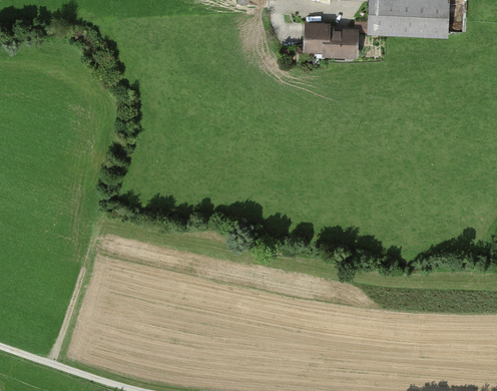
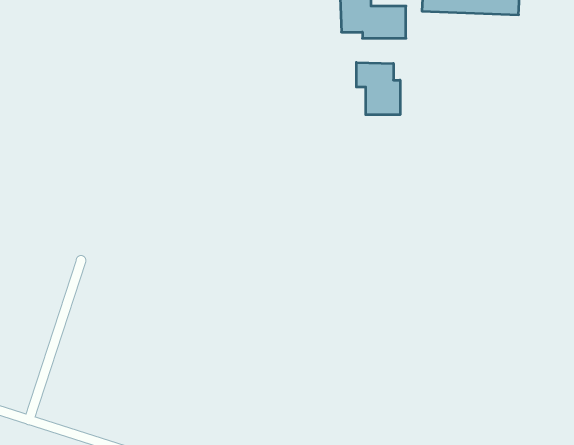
building: none -> [356,62,400,115]

